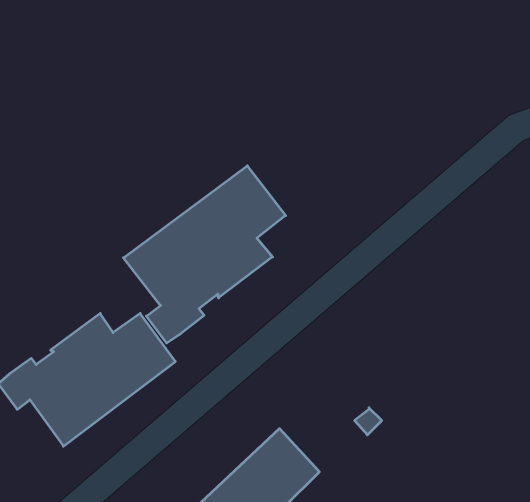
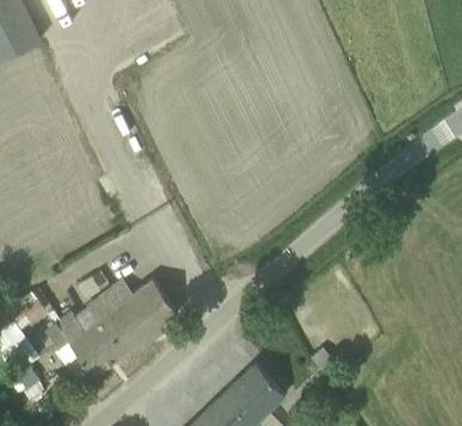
building: [123,166,286,343] -> none

